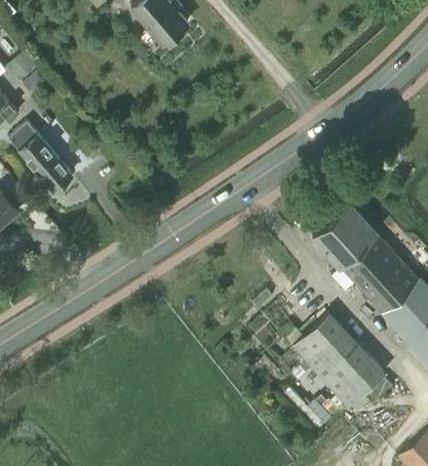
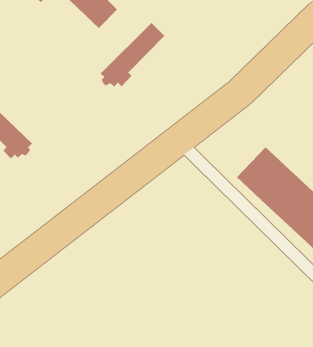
building: none -> [99,22,165,88]
building: [293,312,386,413] -> none

